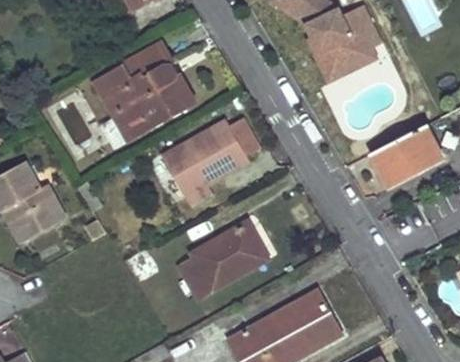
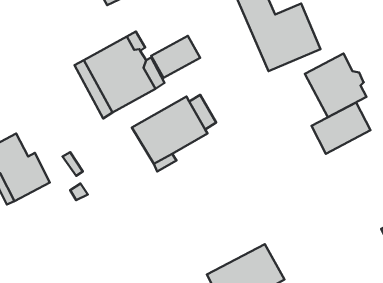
building: none -> [151,36,200,78]
building: none -> [305,53,366,117]
building: [182,222,269,299] -> none

